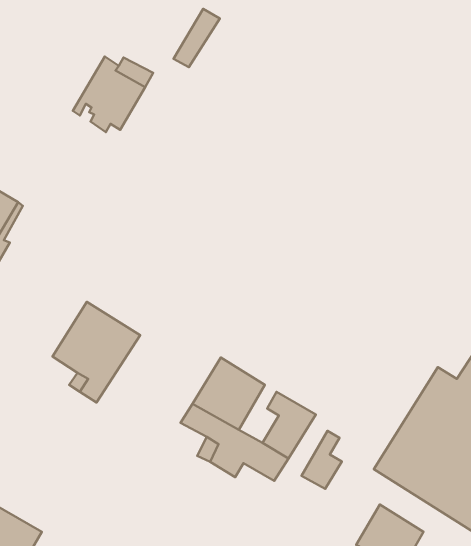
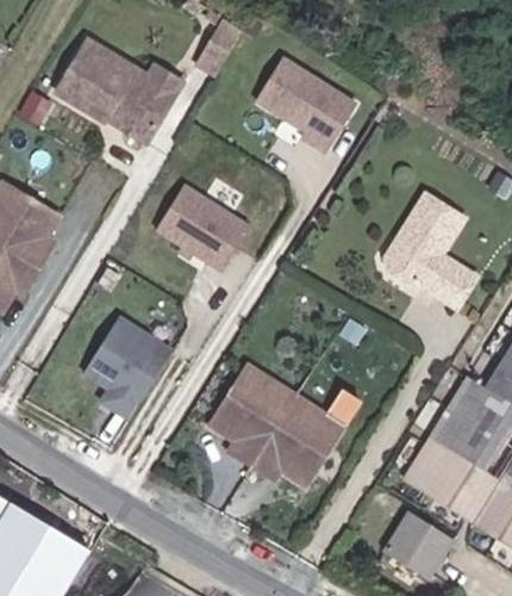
building: none -> [62,42,135,120]
building: none -> [254,55,352,148]
building: none -> [155,180,249,267]
building: none -> [388,186,481,299]
building: [301,431,342,489] -> [269,396,310,454]

